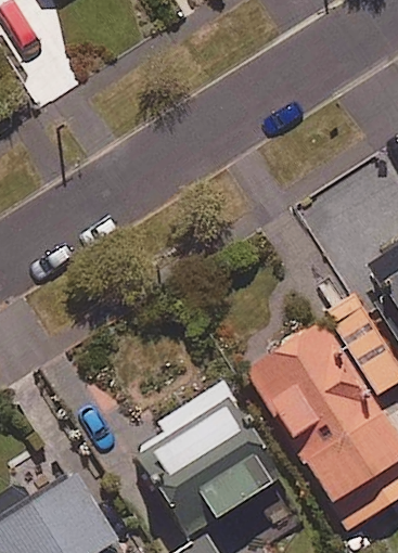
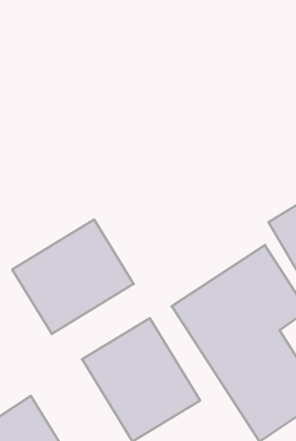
building: none -> [12,220,134,334]

